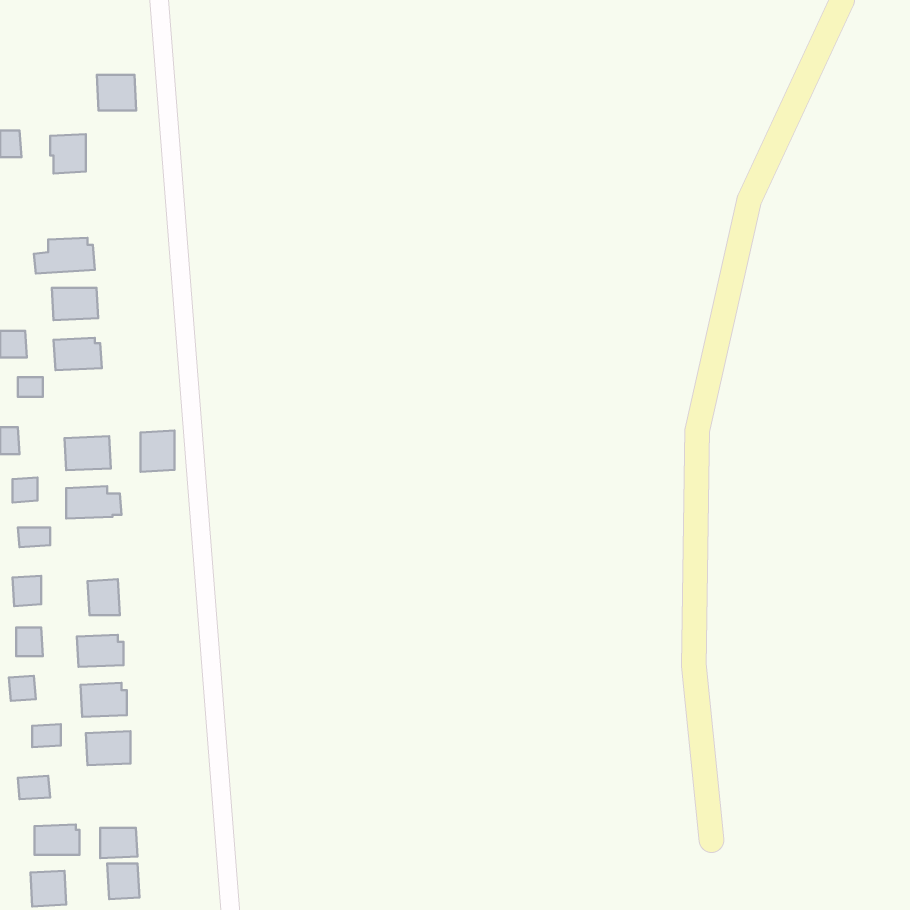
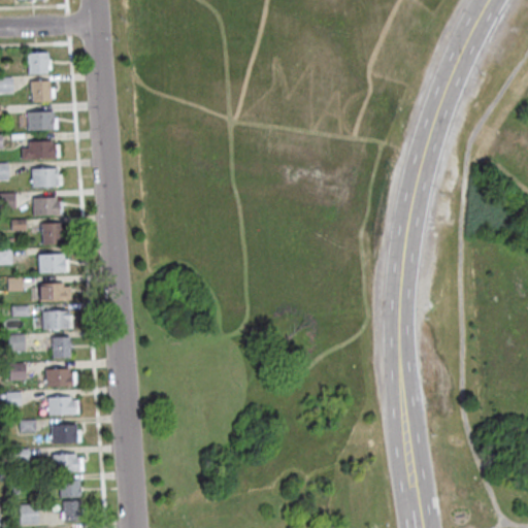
building: [97,75,136,110] -> [27,52,50,72]
building: none -> [28,110,55,129]
building: [141,431,175,472] -> [42,222,62,245]
building: none -> [43,310,74,330]
building: [35,824,79,855] -> [54,454,79,471]

